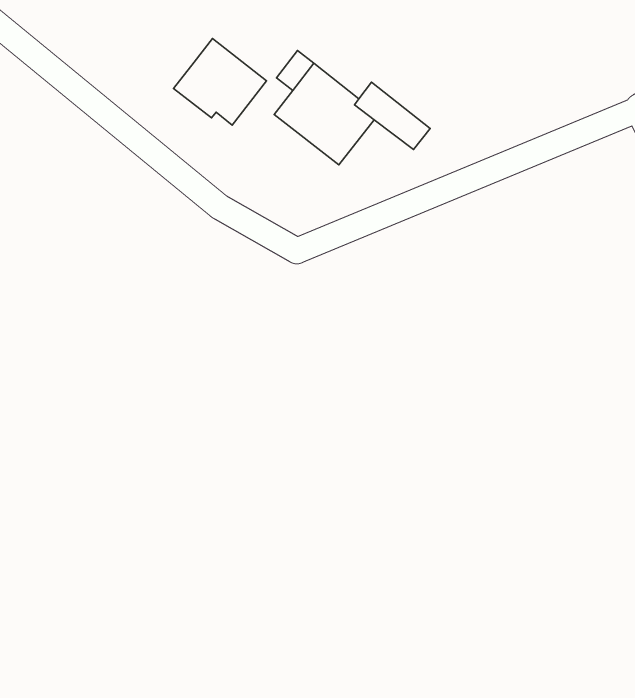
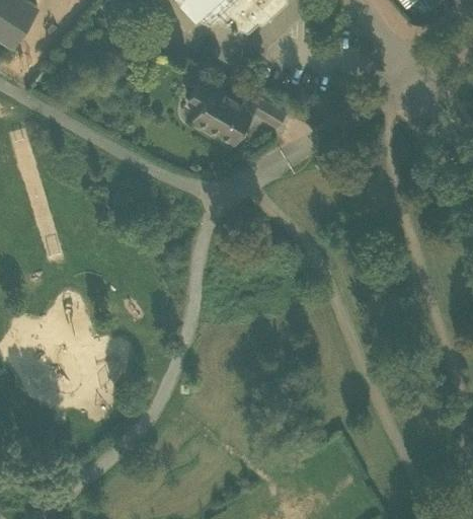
building: [173,39,266,125] -> none

